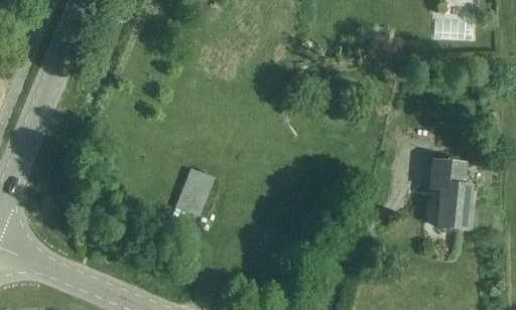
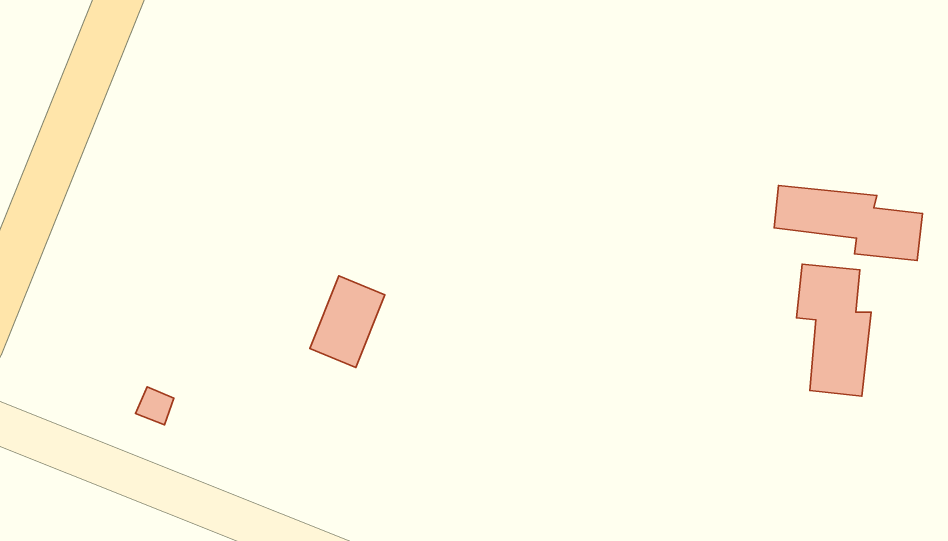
building: none -> [774,185,923,261]

